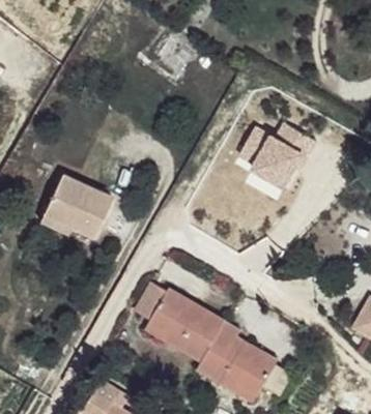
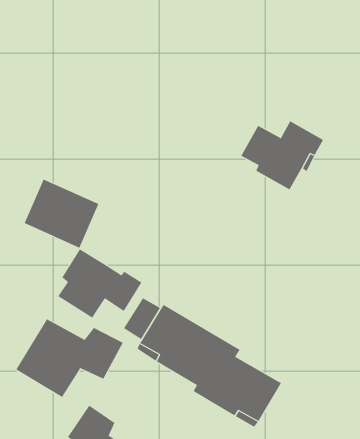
building: none -> [57,248,142,319]
building: none -> [15,319,123,398]

